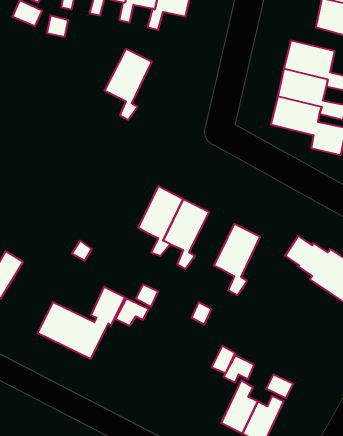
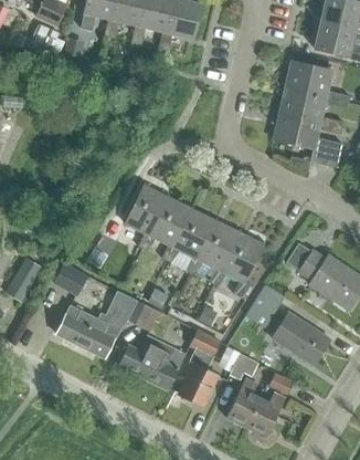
building: [104,49,152,120] -> [124,184,168,250]
building: none -> [197,220,239,285]
building: none -> [54,261,88,295]
building: none -> [246,284,284,326]
building: none -> [272,312,330,364]
building: none -> [179,330,220,406]
building: none -> [118,335,184,388]

